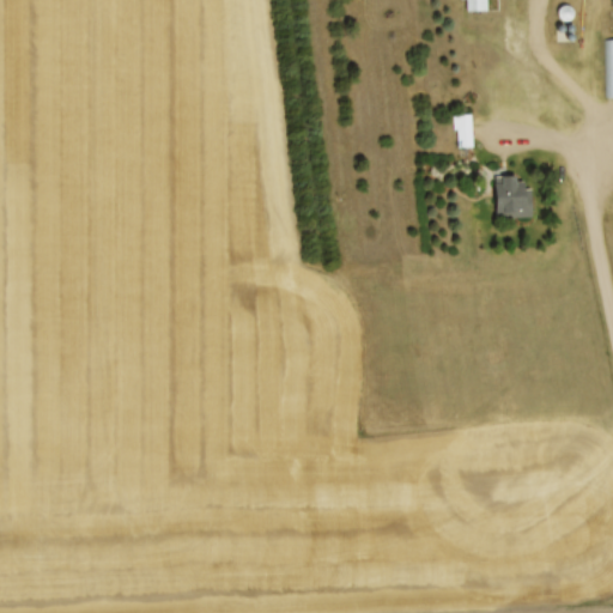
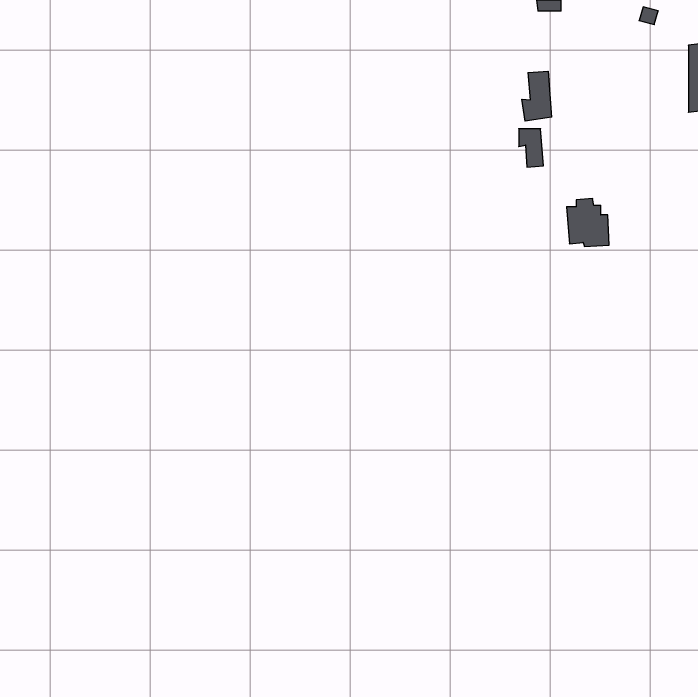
building: none -> [522,71,552,121]

